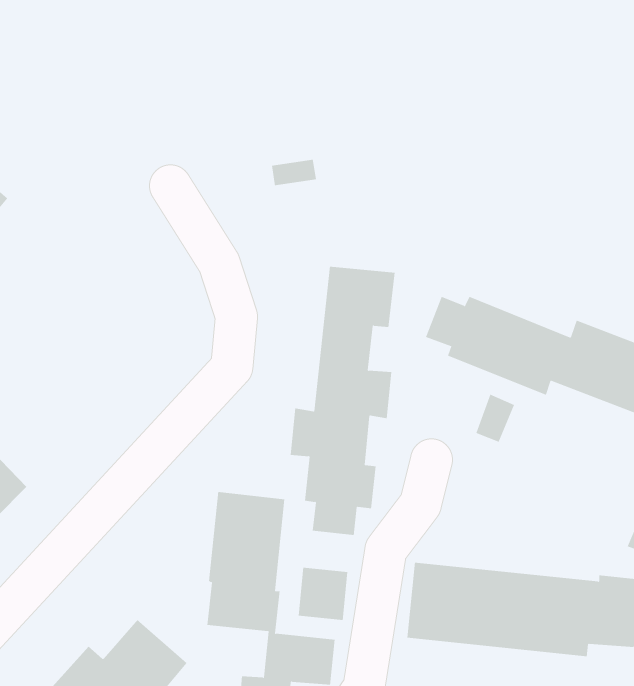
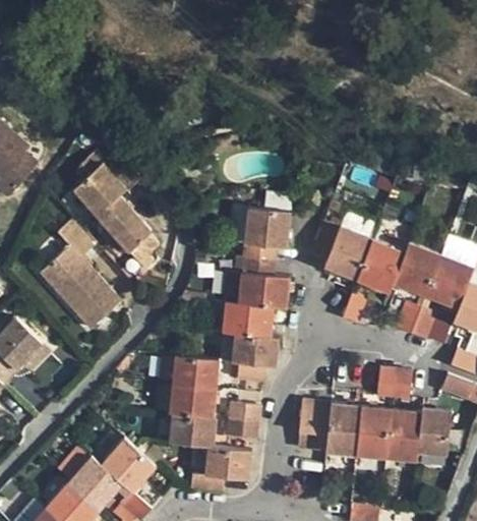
building: none -> [74,154,159,270]
building: none -> [41,219,121,329]
building: none -> [393,299,436,339]
building: none -> [375,368,410,399]

